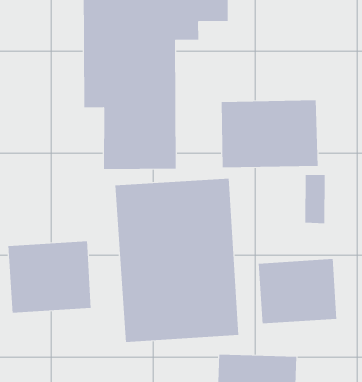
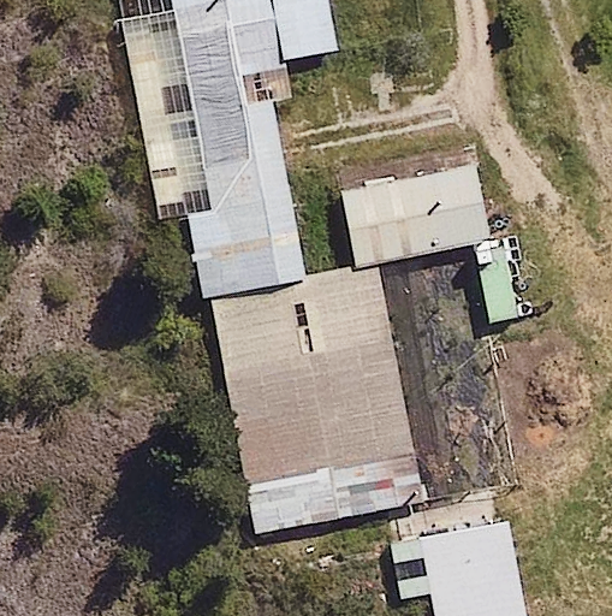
building: [8,240,91,313] -> none
building: [258,258,337,324] -> none

